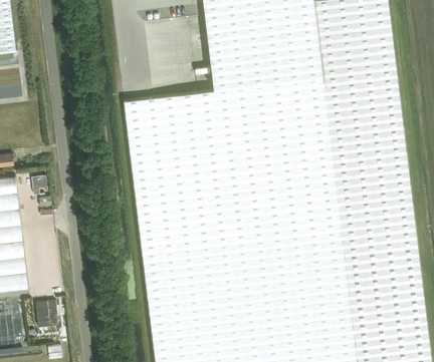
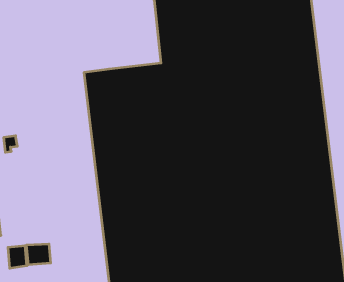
building: none -> [27,244,51,265]

